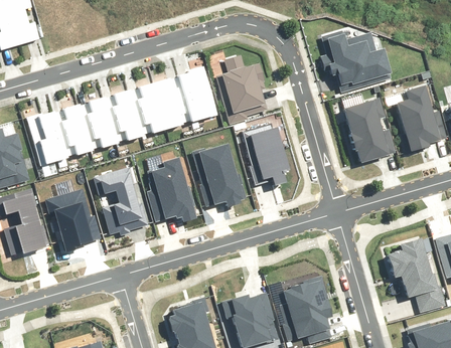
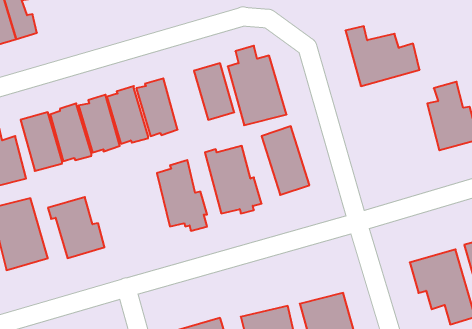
building: [157,75,195,130] -> none
building: [345,98,396,162] -> none
building: [94,168,146,235] -> none

